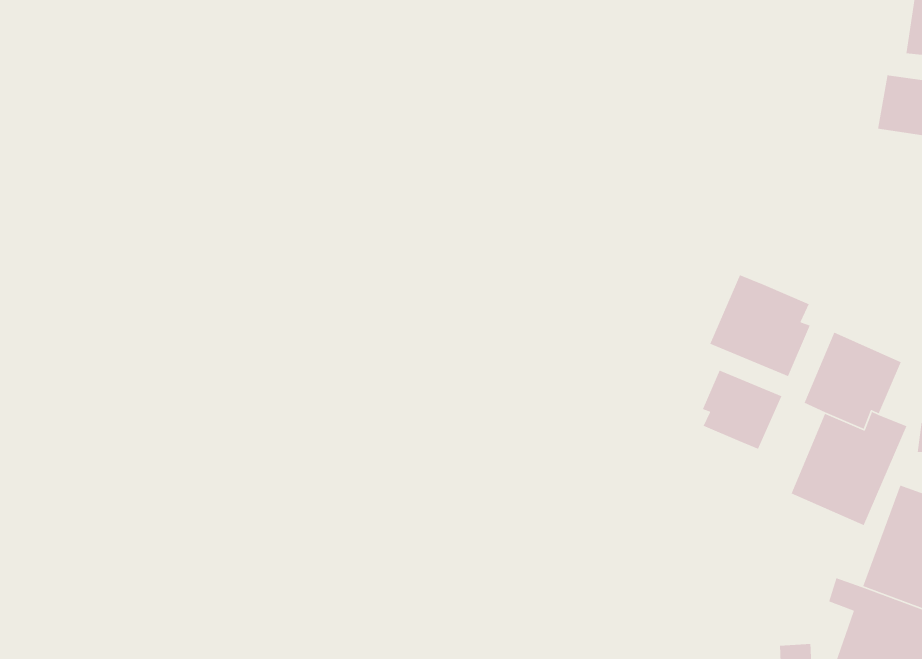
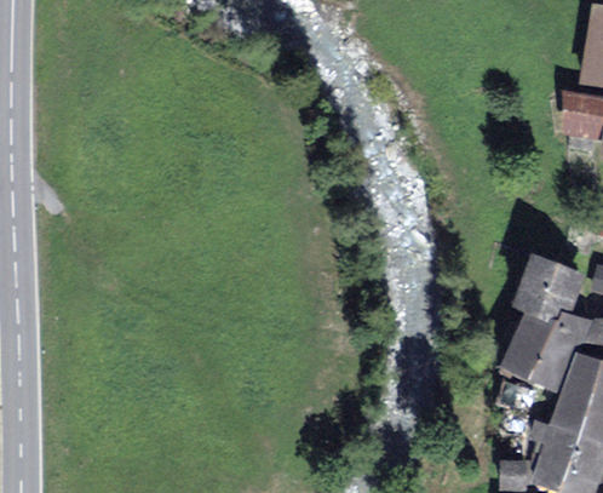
building: [709,274,811,377] -> none
building: [702,369,782,450] -> none

